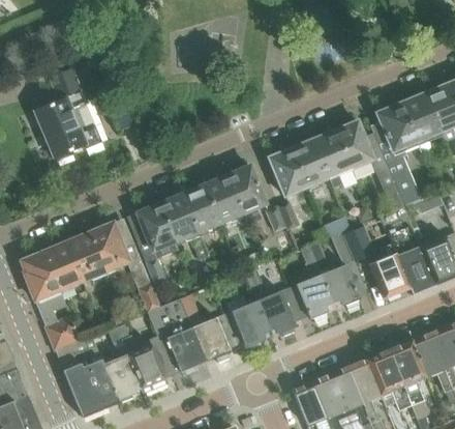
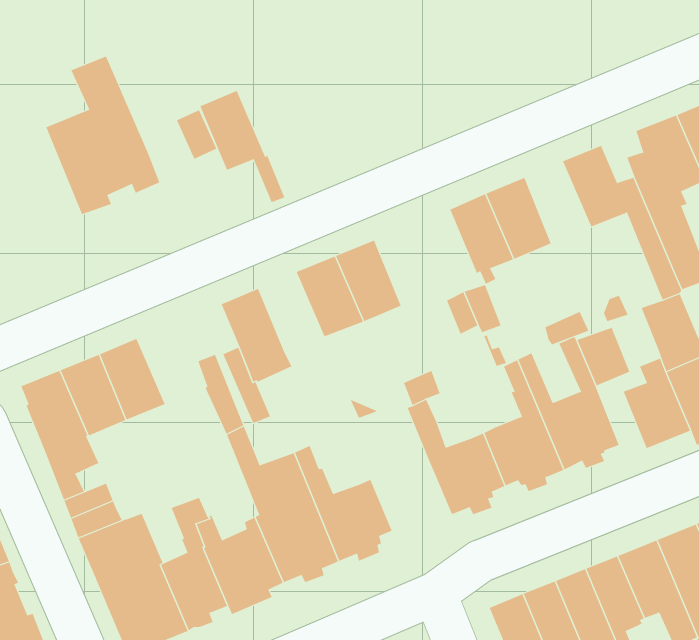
building: [312,130,351,187] -> none
building: [225,165,265,224] -> none
building: [158,194,208,259] -> [200,90,285,203]
building: [88,222,128,270] -> none
building: [223,295,270,348] -> none

